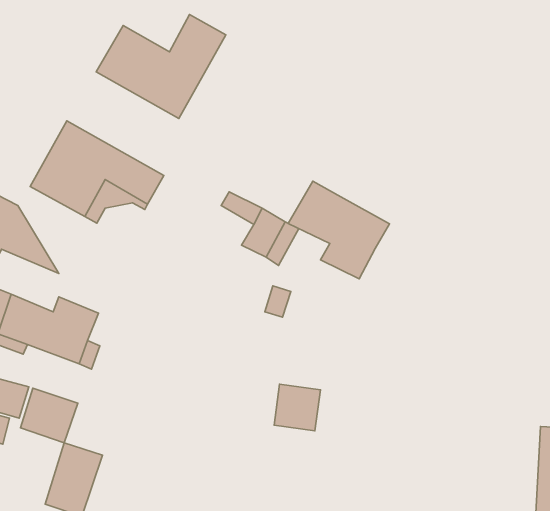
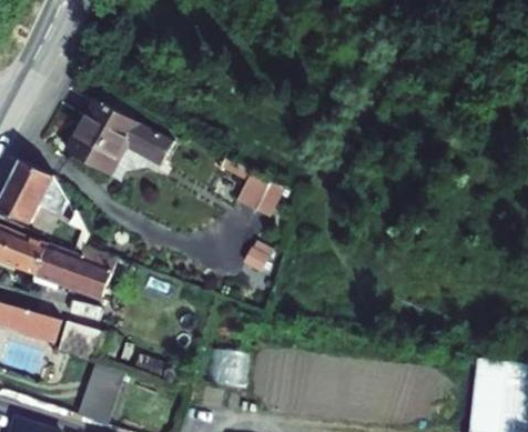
building: [96,15,226,119] -> none
building: [288,181,389,279] -> none
building: [274,384,320,431] -> [212,341,250,379]

